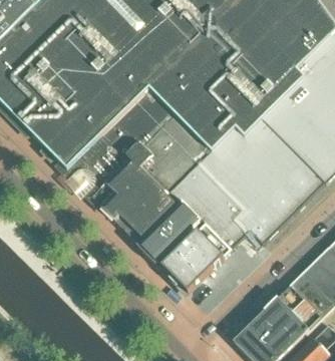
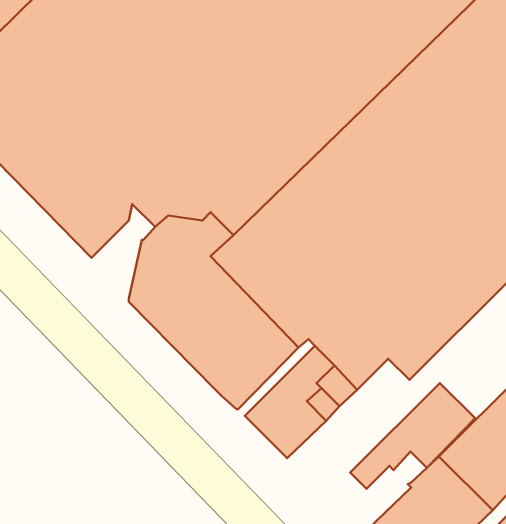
building: none -> [350,383,475,489]

